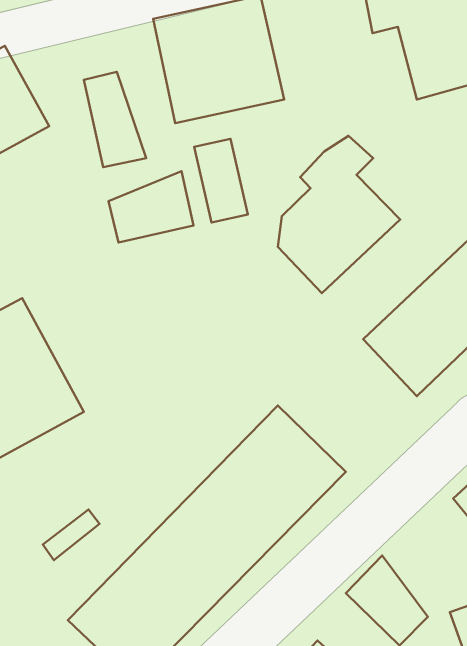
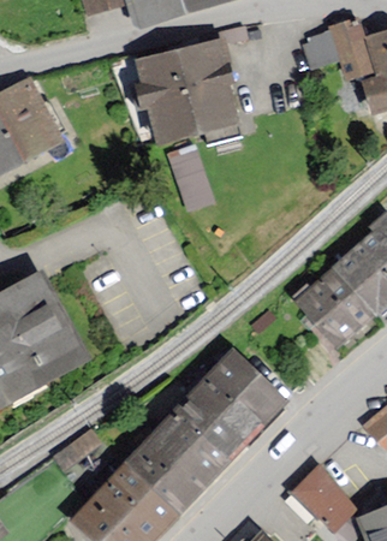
building: [84,72,146,167] -> none
building: [278,136,400,293] -> none
building: [109,171,194,243] -> none

